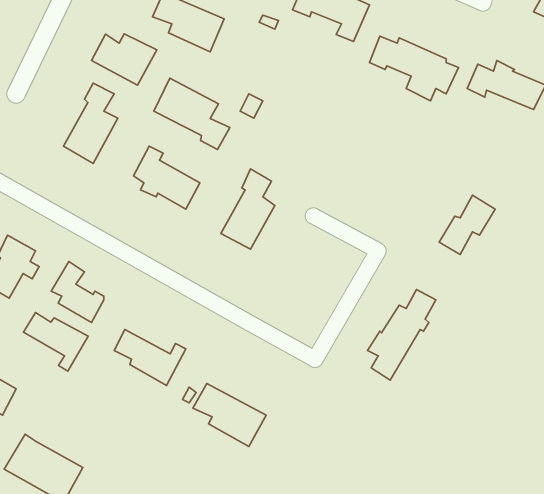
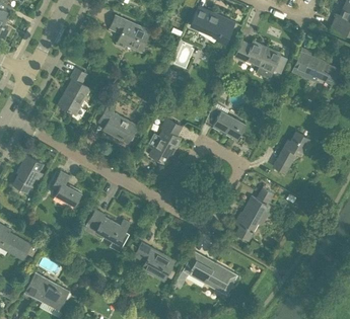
building: [91,34,157,85] -> none
building: [154,78,230,149] -> none
building: none -> [205,105,247,138]
building: [24,313,88,371] -> none
building: none -> [183,250,236,290]

